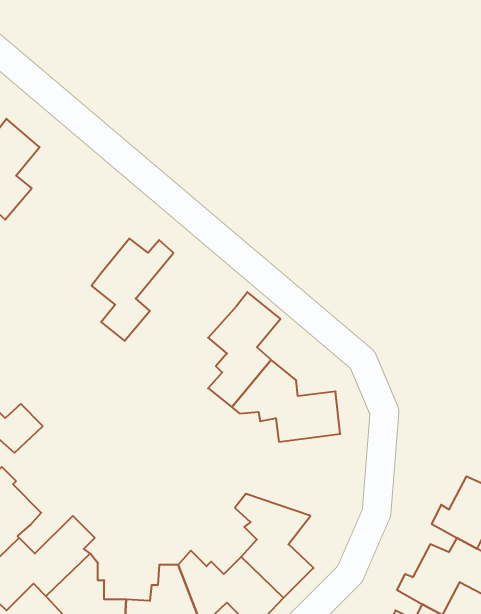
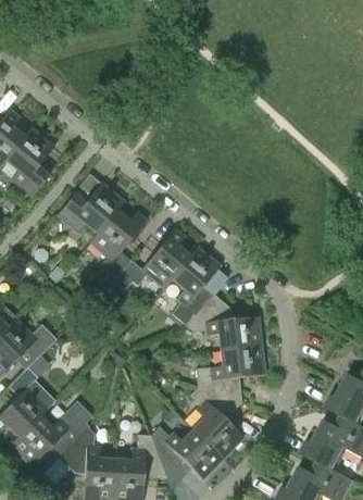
building: none -> [57,183,124,234]
building: none -> [113,228,190,290]
building: none -> [196,345,264,401]

